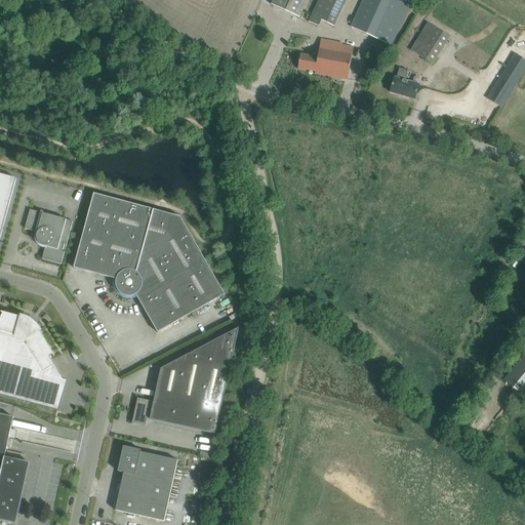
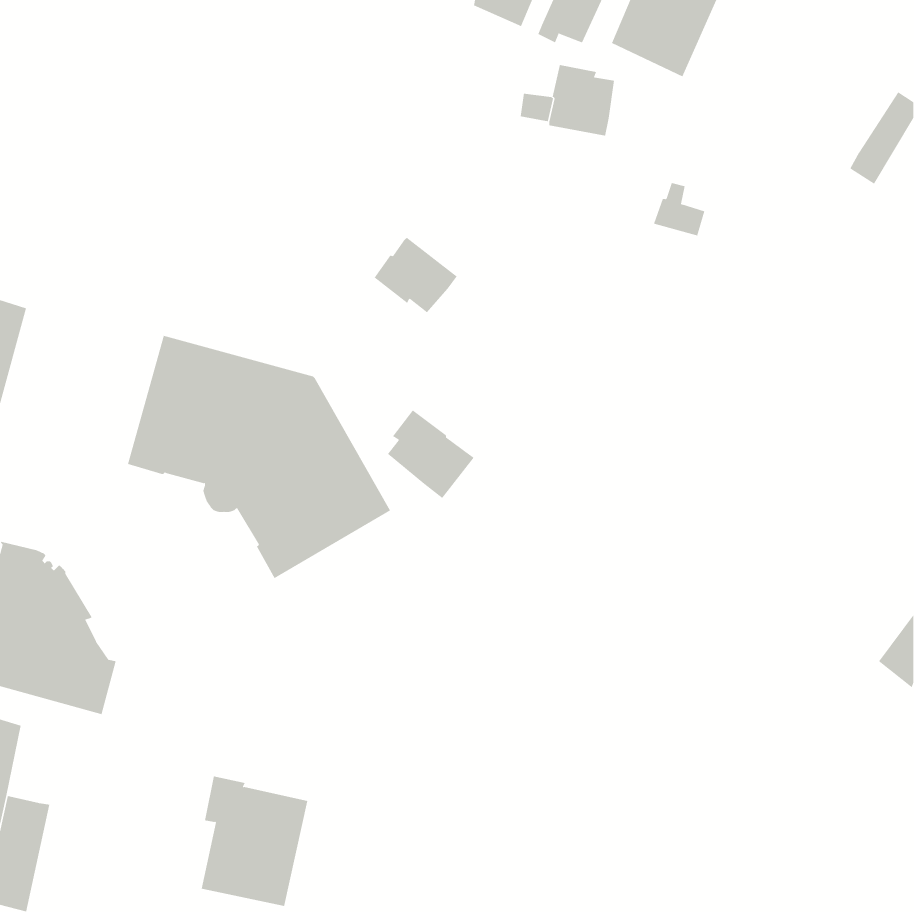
building: [409,22,448,63] -> none
building: [389,67,418,97] -> [653,182,705,236]
building: none -> [374,237,458,313]
building: [24,208,72,262] -> none
building: none -> [387,410,474,499]
building: [131,326,238,432] -> none

